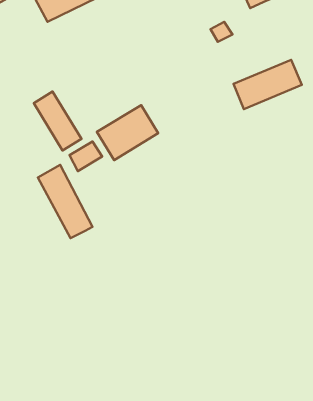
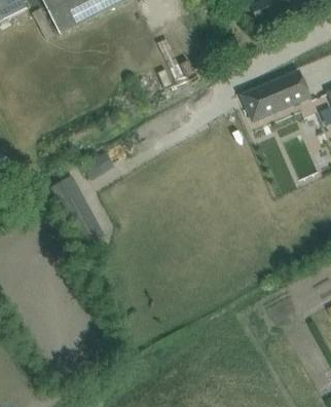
building: [34,91,82,150] -> none
building: [97,105,158,160] -> none

